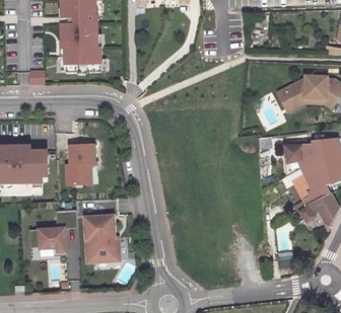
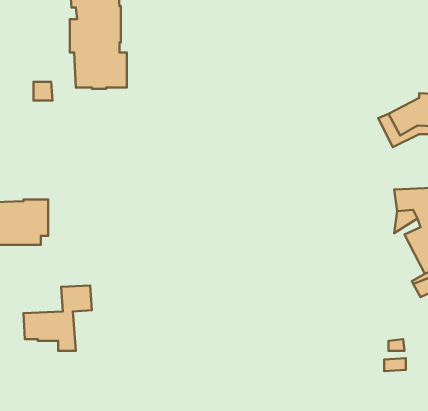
building: [64,145,93,184] -> none
building: [82,215,117,261] -> none

